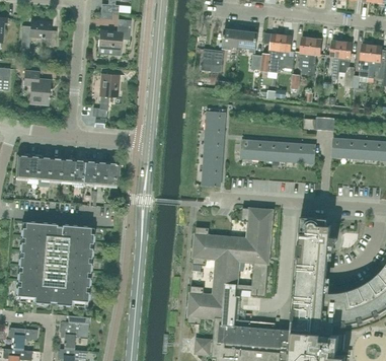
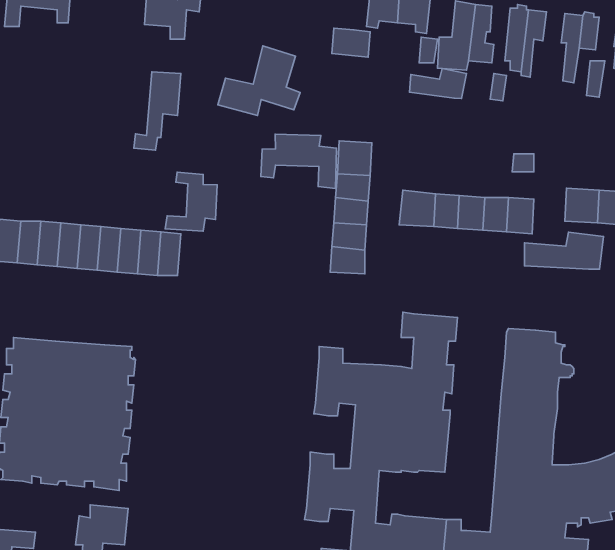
building: none -> [218,46,300,115]
building: [23,70,51,104] -> none
building: none -> [409,68,466,98]
building: none -> [261,134,336,188]
building: none -> [165,172,217,231]
building: none -> [525,232,603,269]

